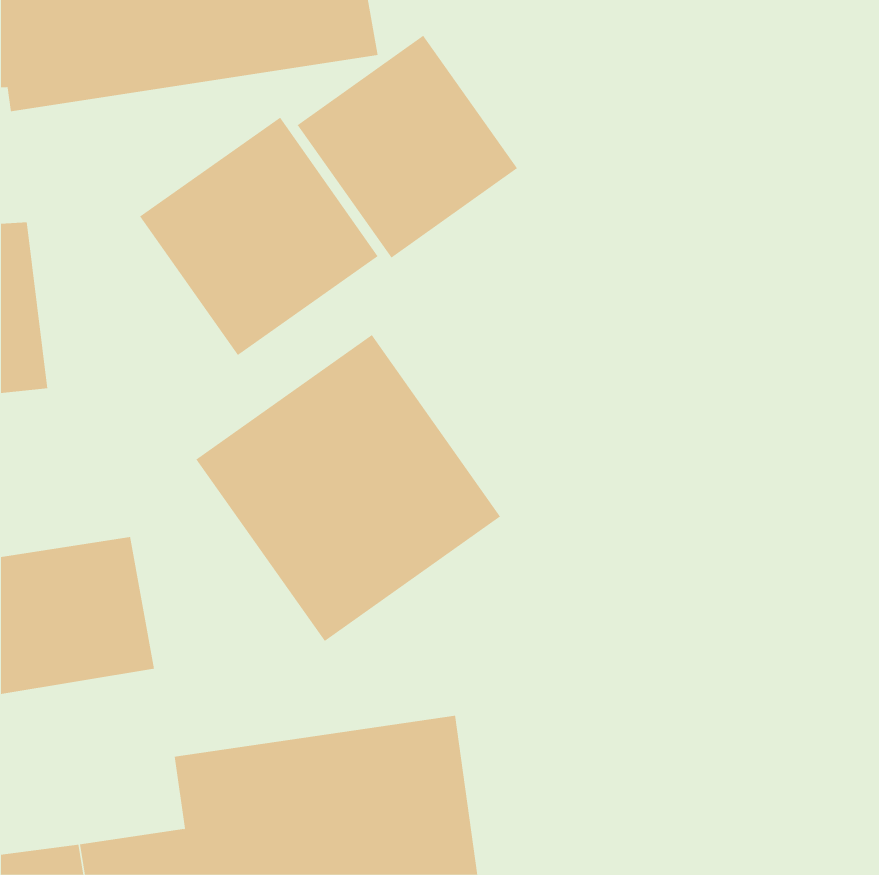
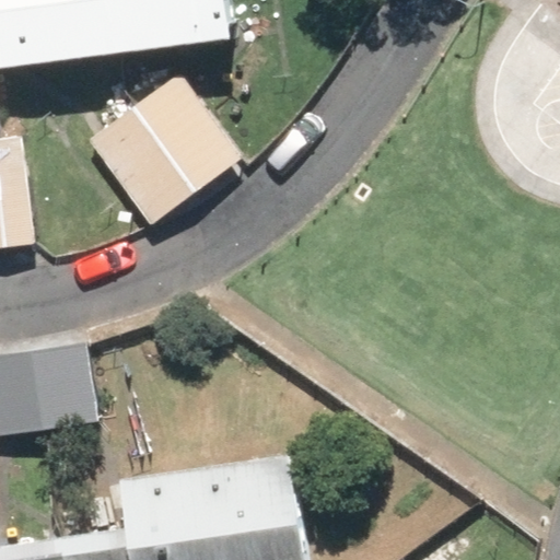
building: [297,35,518,258] -> none
building: [196,334,501,642] -> none

